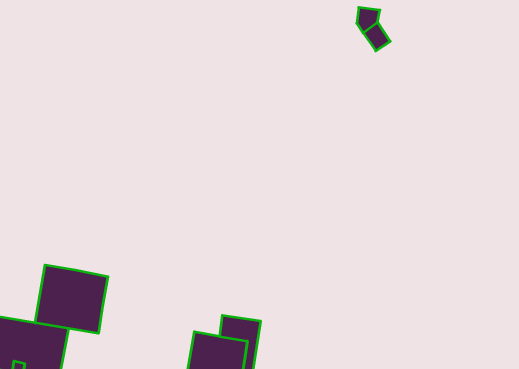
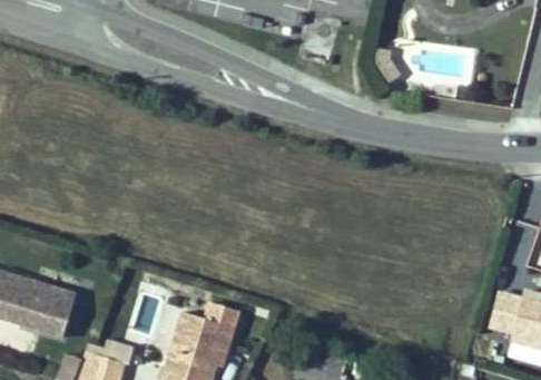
building: [35,265,108,333] -> none

